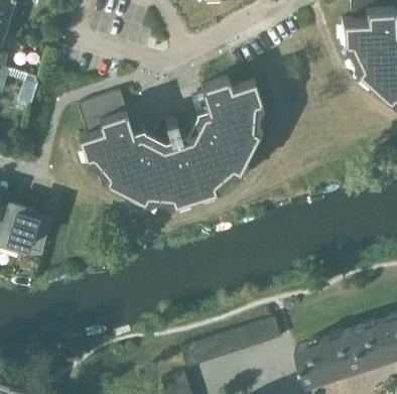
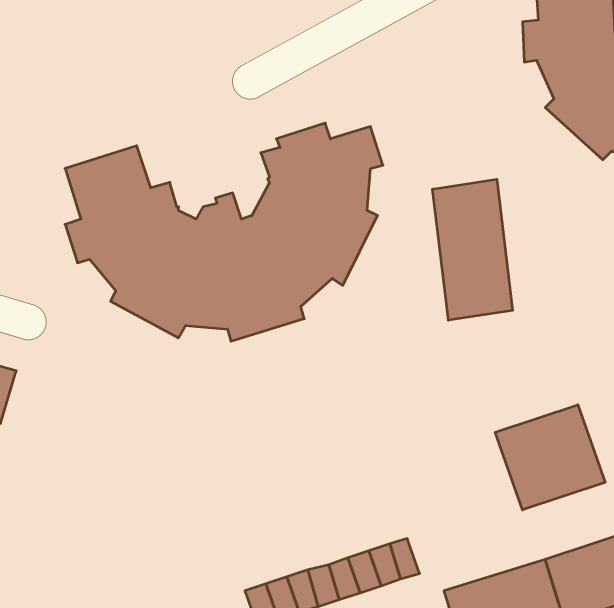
building: none -> [433,179,513,320]
building: none -> [495,405,605,510]

